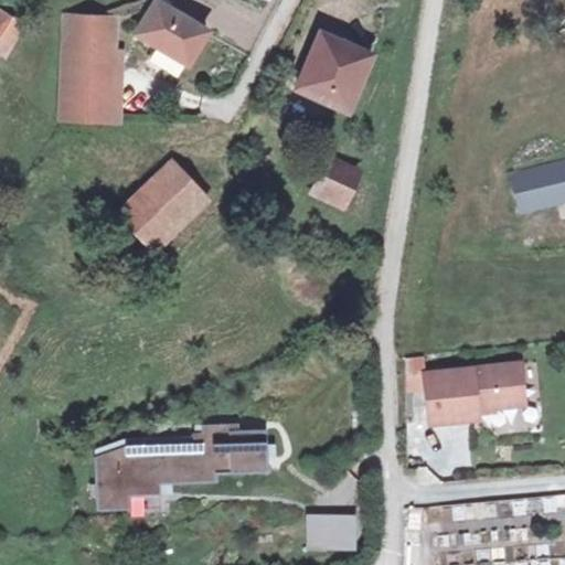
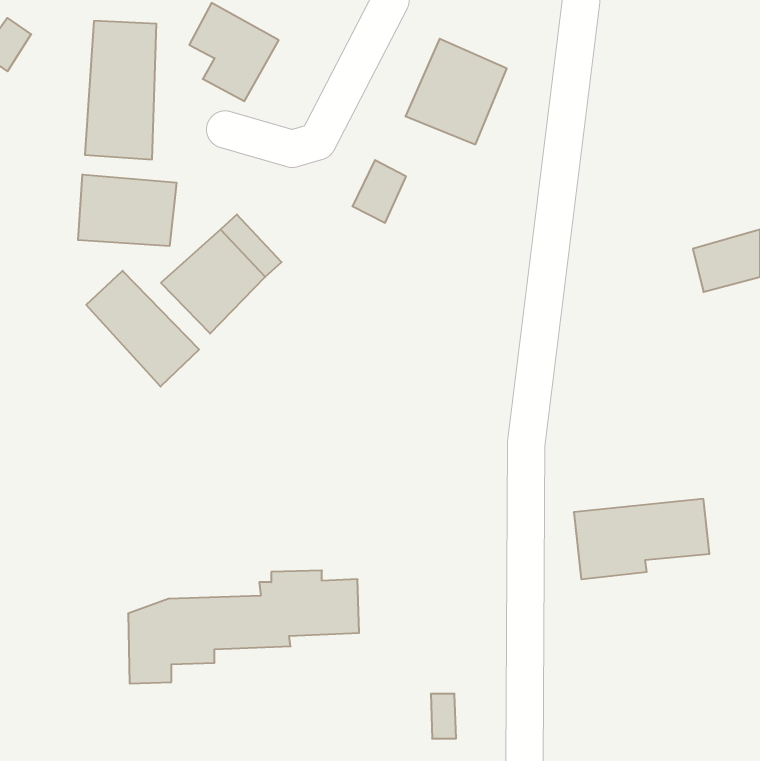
building: none -> [78,174,176,246]
building: [315,157,354,203] -> [352,160,406,223]
building: none -> [86,271,199,387]

